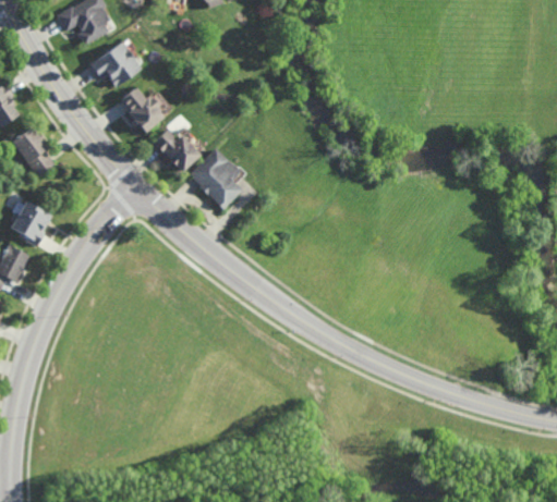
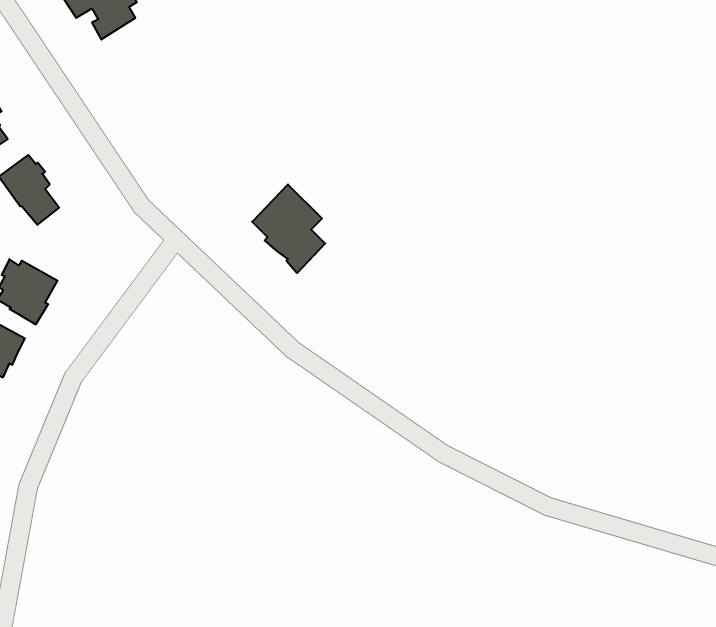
building: [89,41,142,87] -> none
building: [121,88,161,133] -> none
building: [153,128,198,172] -> none

